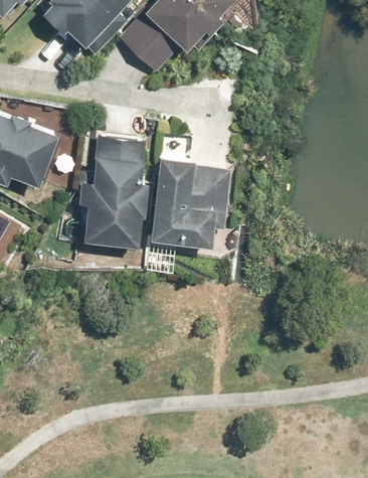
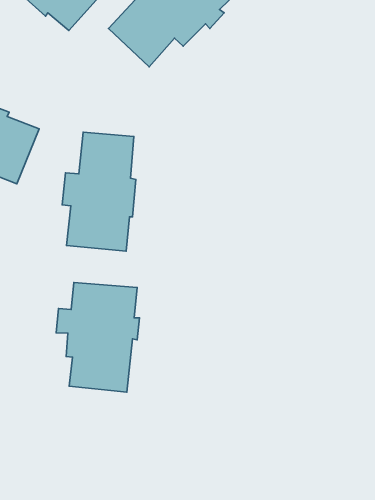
building: [150,136,230,247] -> none
building: none -> [56,282,139,392]

